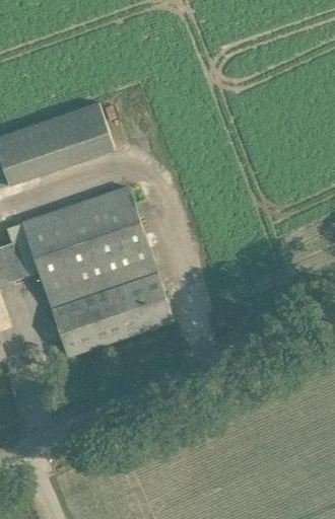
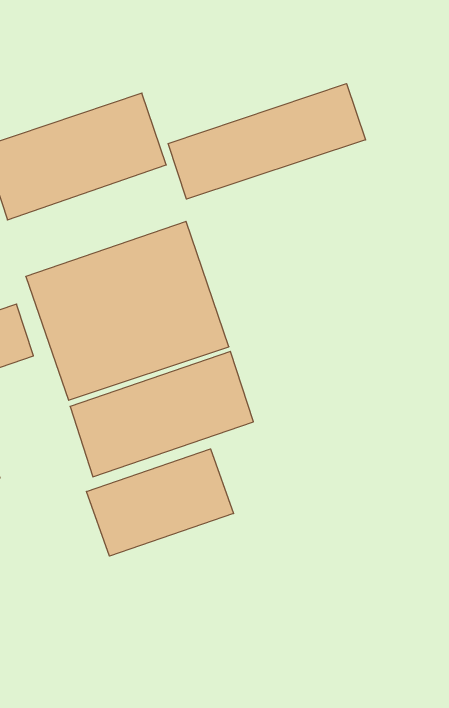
building: none -> [168,84,366,199]
building: none -> [86,449,234,556]

